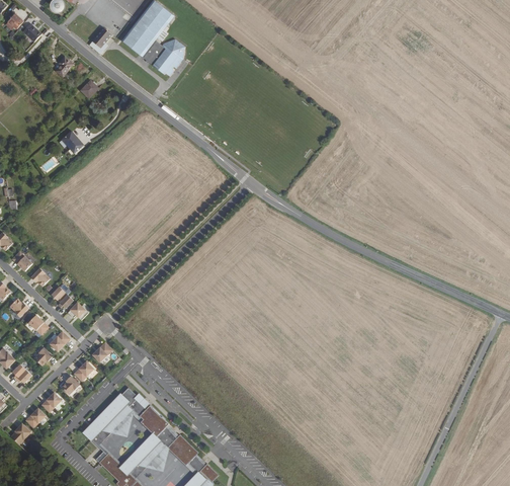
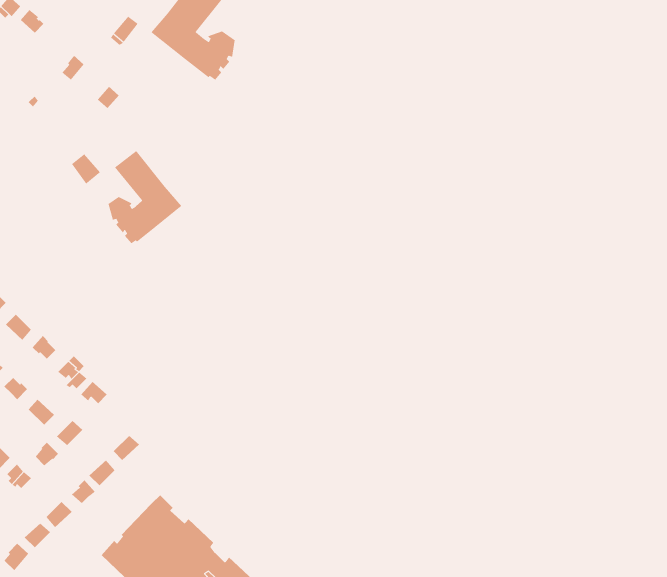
building: none -> [108,150,182,244]

